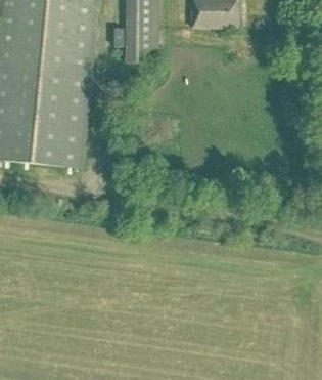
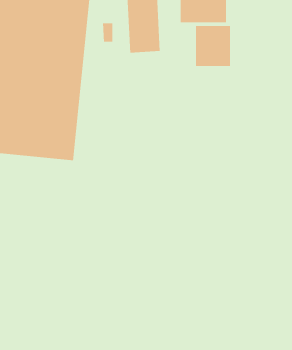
building: none -> [195,25,231,67]

